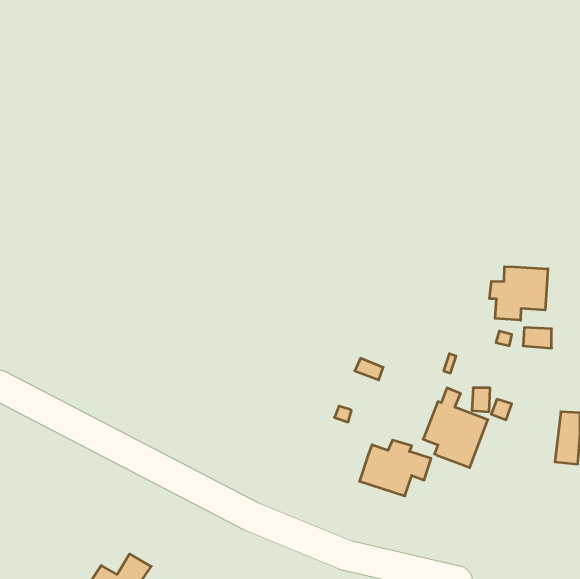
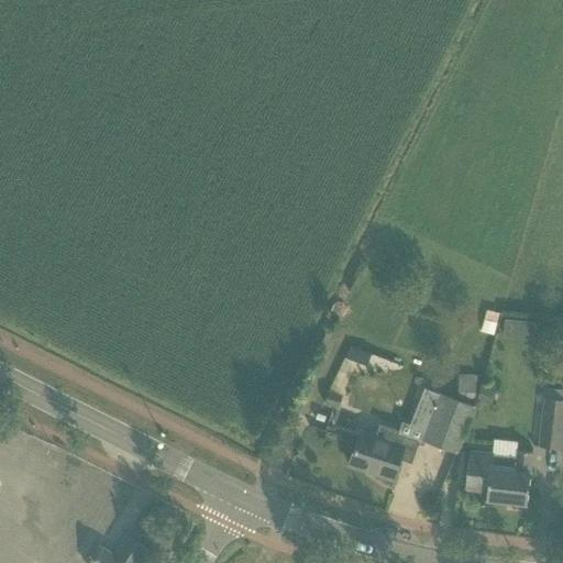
building: [490,267,548,320] -> none
building: none -> [464,453,531,507]

